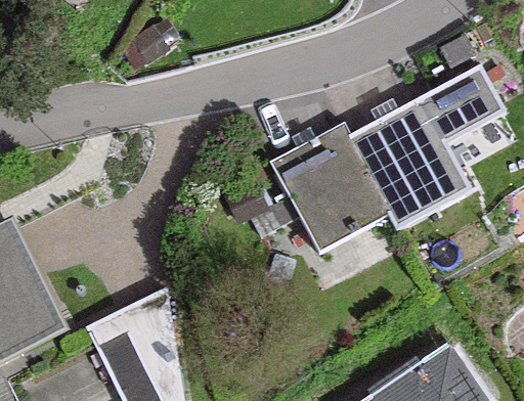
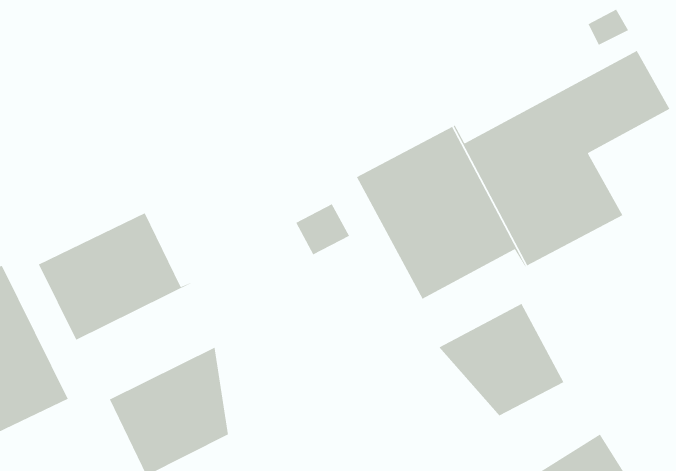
building: none -> [38,212,198,341]
building: none -> [438,303,565,417]

